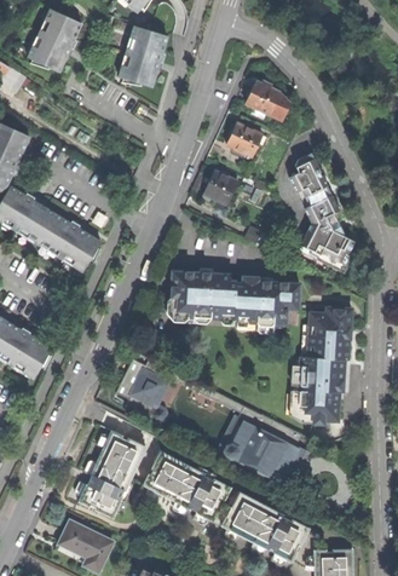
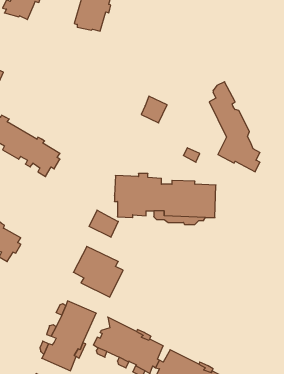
building: [244,80,282,117] -> none
building: [225,115,261,155] -> none
building: [293,305,354,422] -> none
building: none -> [89,210,118,237]
building: [219,414,305,483] -> none

